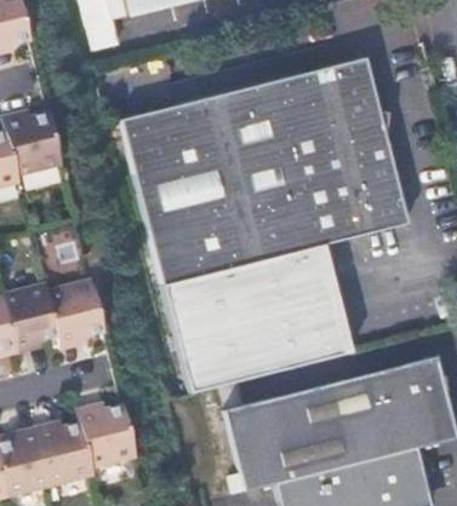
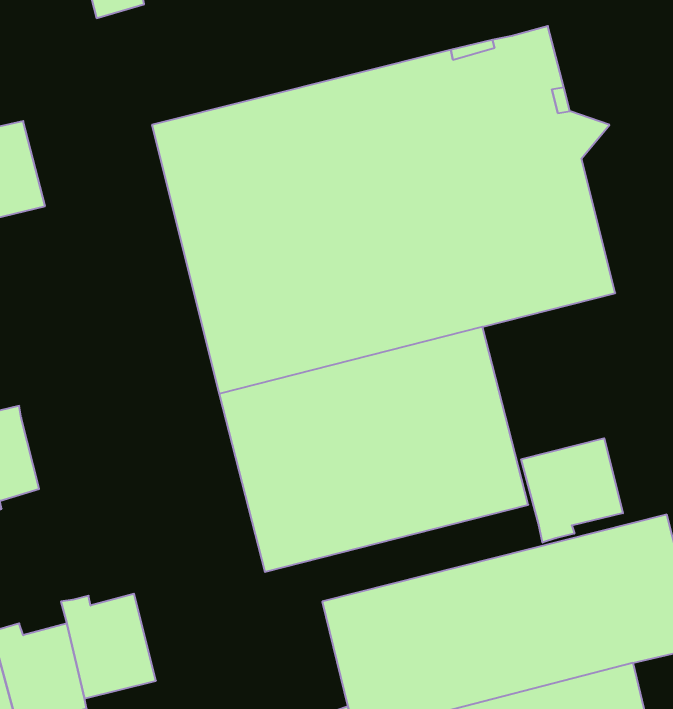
building: [44,286,101,352] -> none
building: none -> [521,438,623,543]

